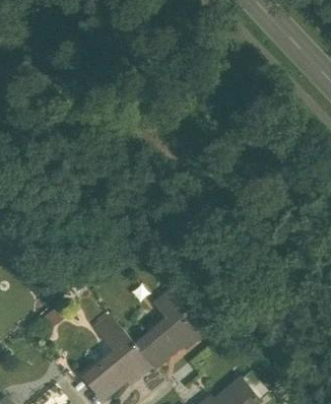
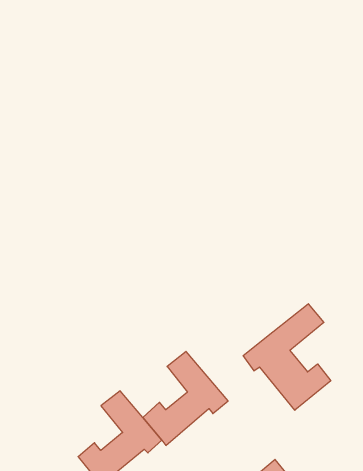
building: none -> [243,304,331,410]

